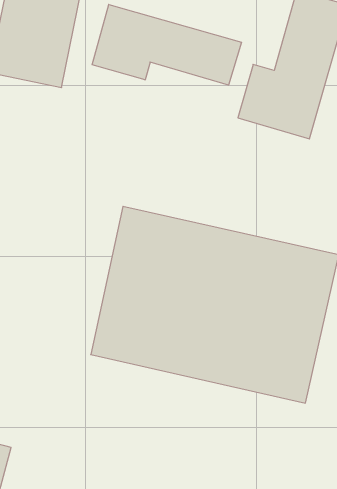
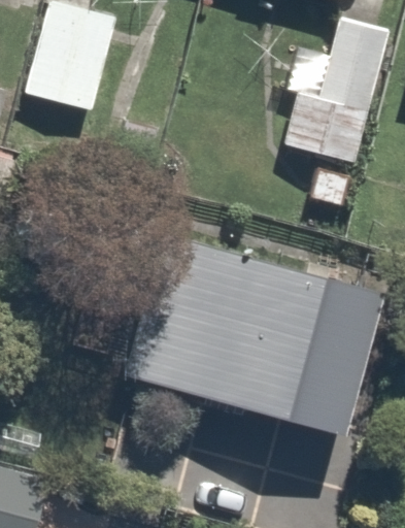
building: [92,4,241,85] -> none

